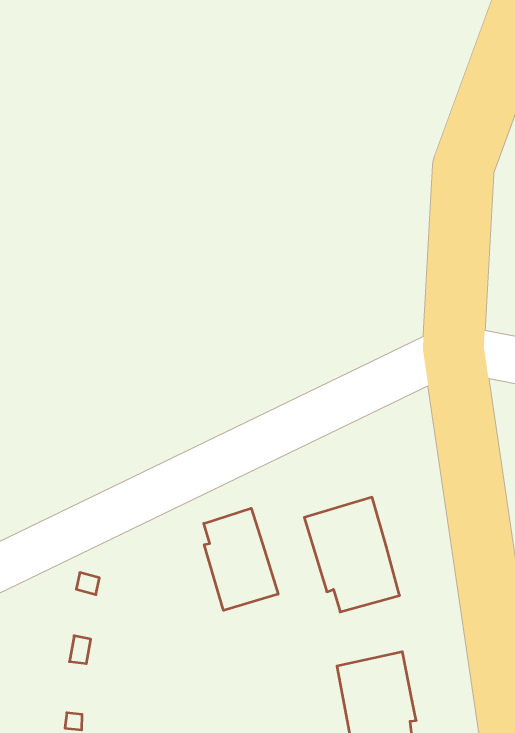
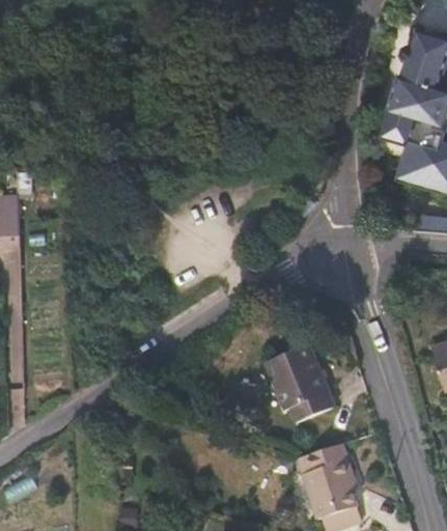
building: [204,508,278,610] -> none

